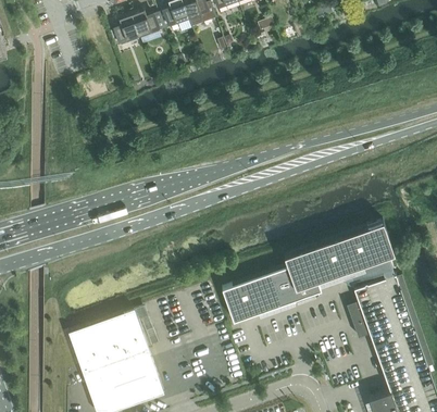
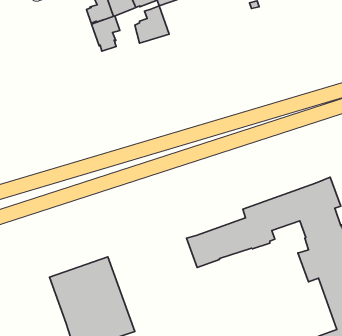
building: none -> [135,6,169,43]
building: none -> [91,16,120,51]

